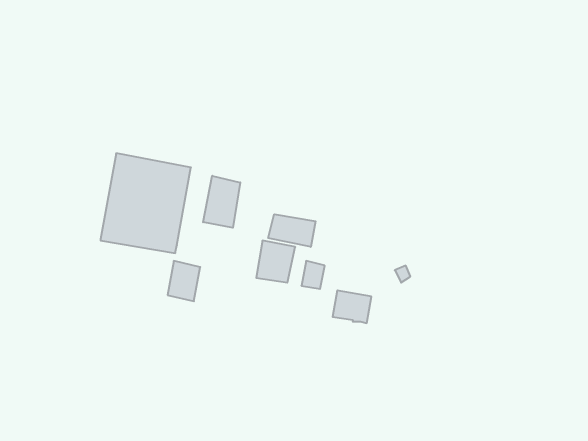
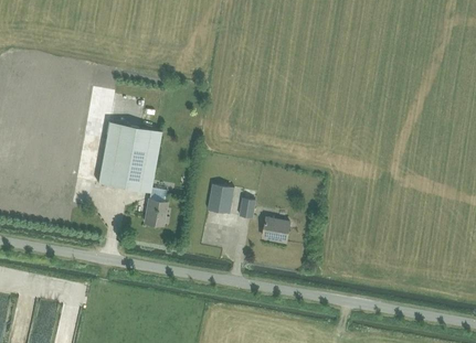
building: [203,176,240,228] -> none
building: [268,214,316,247] -> none

